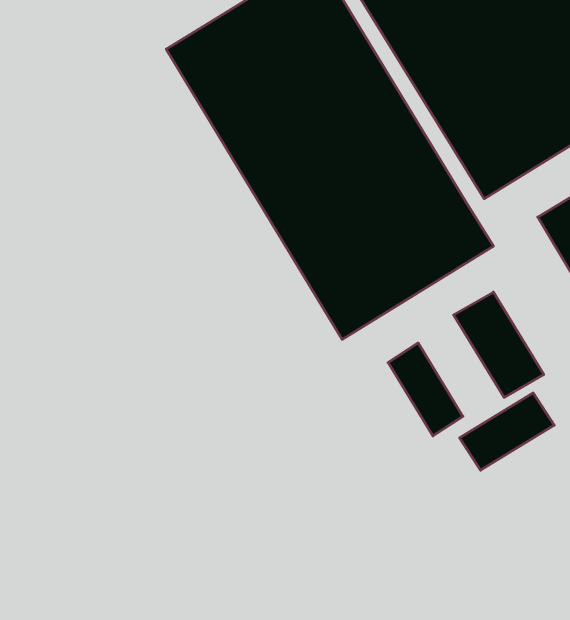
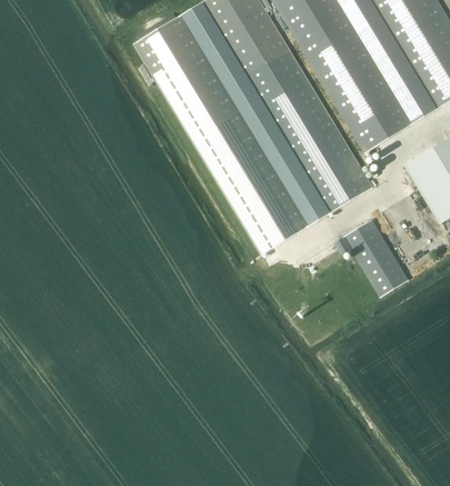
building: [388,343,463,436] -> none
building: [460,393,554,470] -> none

